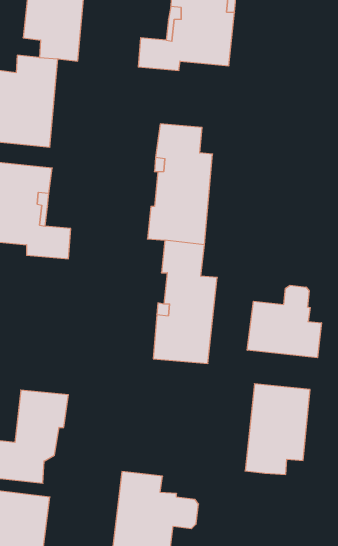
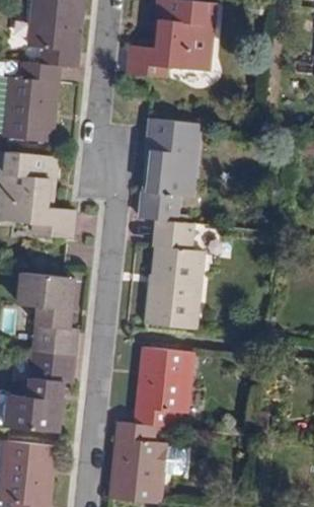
building: [247,285,321,358] -> none
building: none -> [16,273,74,356]
building: [245,384,310,474] -> [136,349,192,428]

